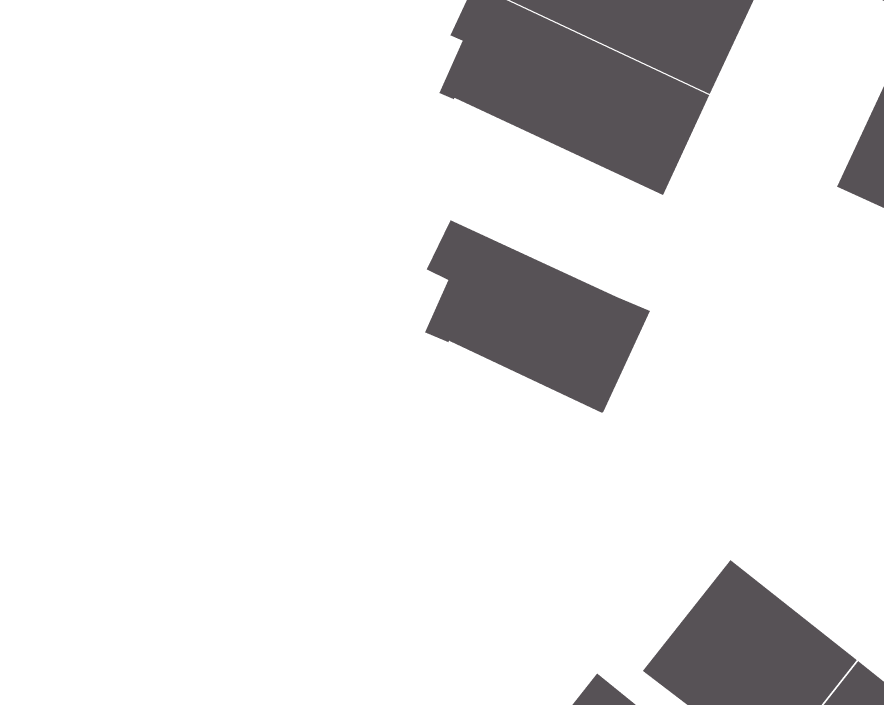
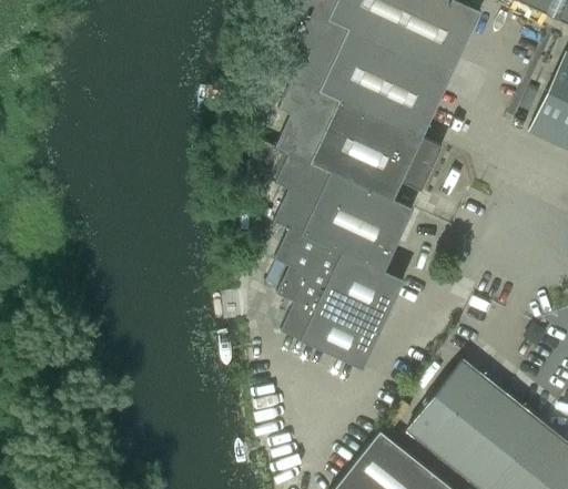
building: none -> [276,77,442,198]
building: none -> [275,226,405,368]

